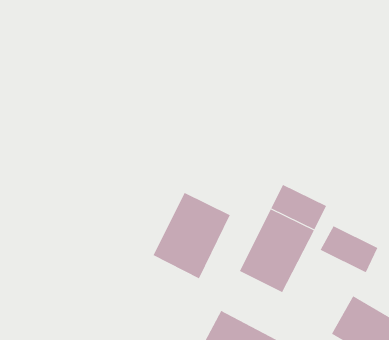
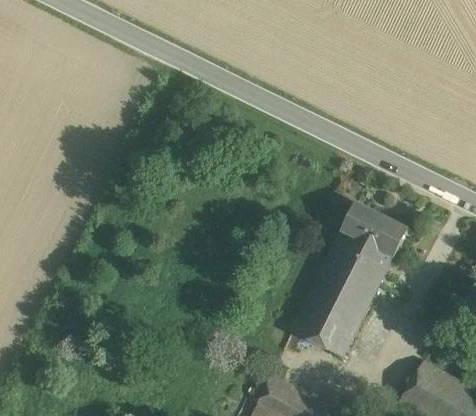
building: [153,192,230,279] -> none
building: [320,225,378,273] -> [341,201,408,256]

